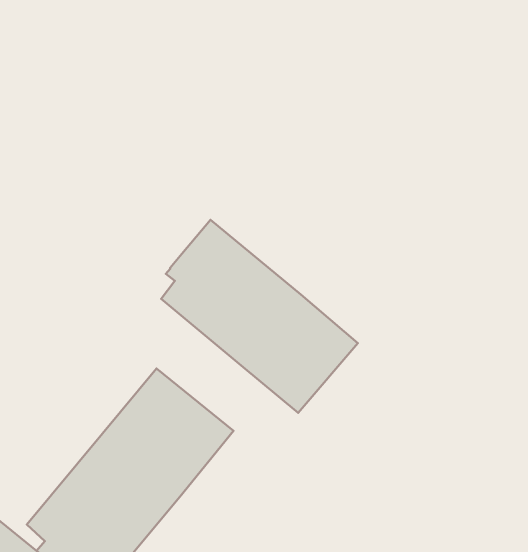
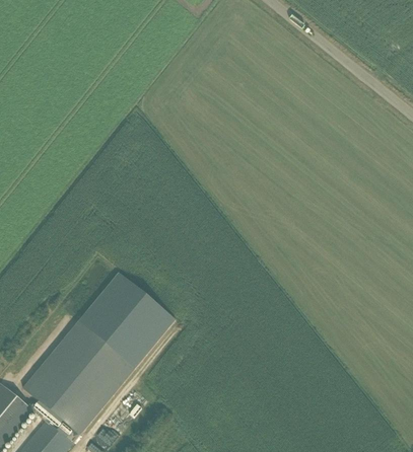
building: [161,220,358,413] -> none

